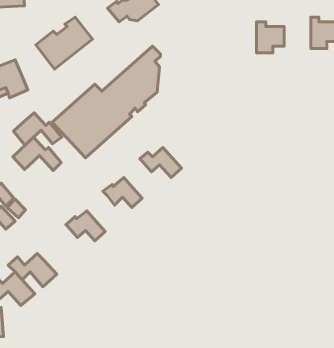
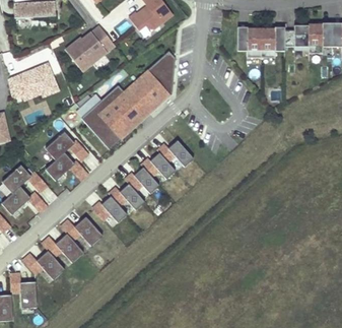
building: none -> [284,25,307,50]
building: none -> [236,29,260,57]
building: [13,113,62,145] -> [46,152,88,181]
building: none -> [141,152,176,179]
building: none -> [109,183,145,210]
building: none -> [61,216,102,246]

